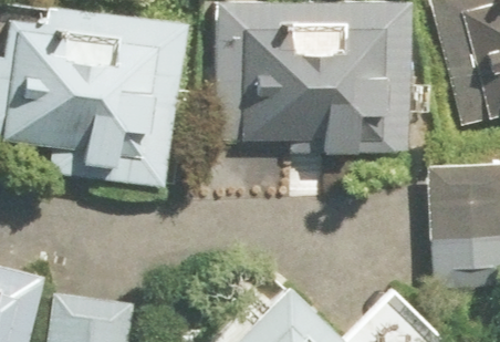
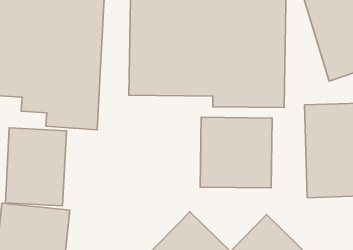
building: none -> [200,117,272,188]
building: none -> [5,128,66,206]

